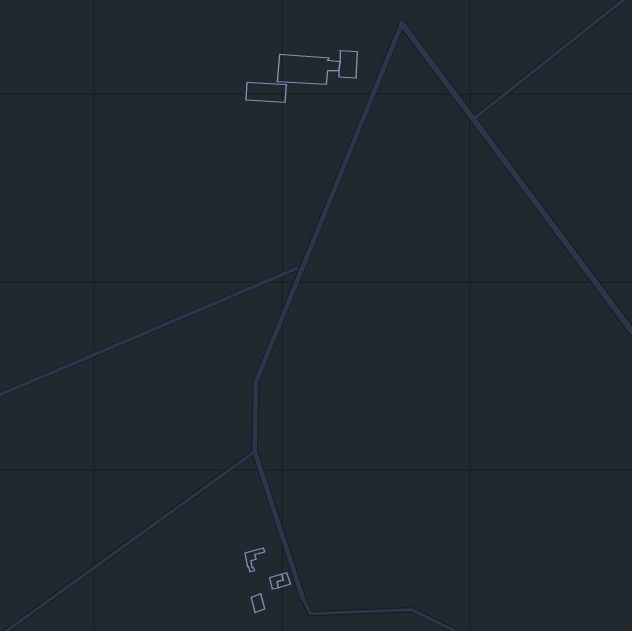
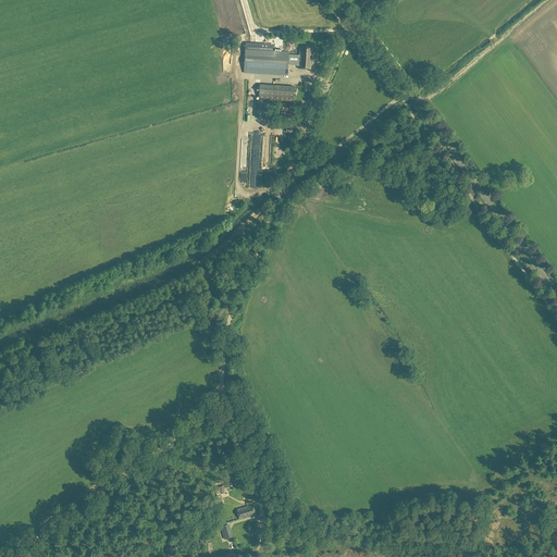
building: [246,82,287,102] -> [259,83,295,100]

